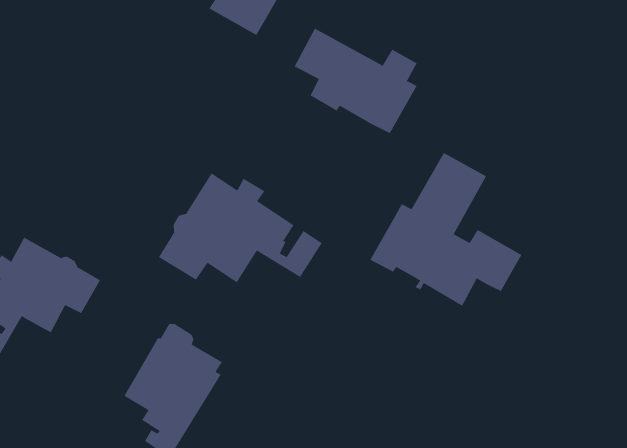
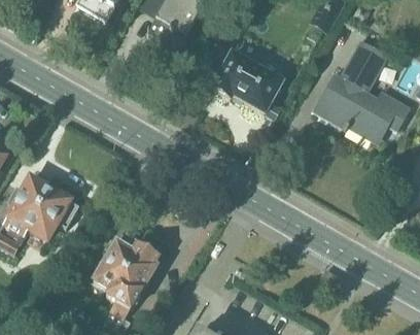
building: [369,152,522,306] -> [313,40,411,139]
building: [158,172,323,283] -> none

